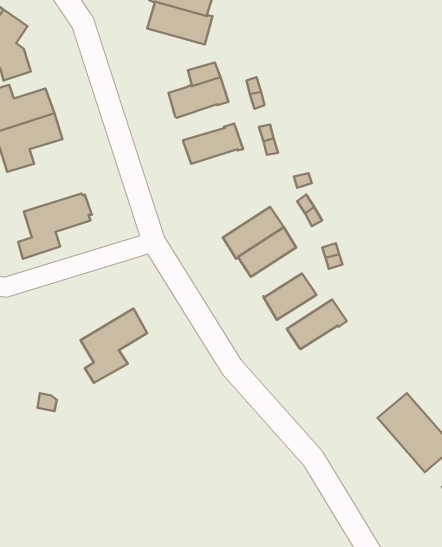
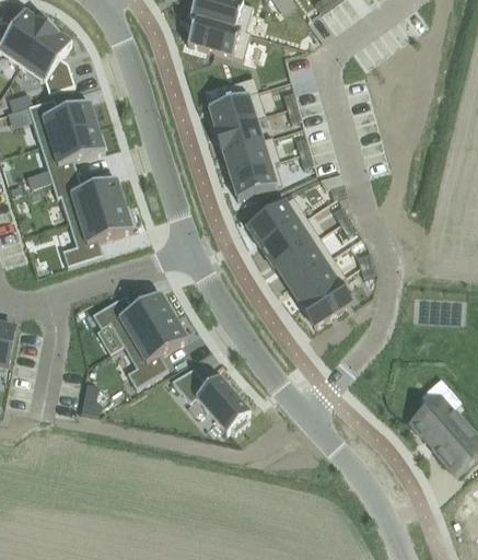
building: none -> [213,116,263,153]
building: none -> [230,160,281,198]
building: none -> [51,174,124,220]
building: none -> [246,195,306,245]
building: none -> [92,291,175,345]
building: [287,300,347,349] -> [288,255,346,303]
building: none -> [171,366,249,432]

